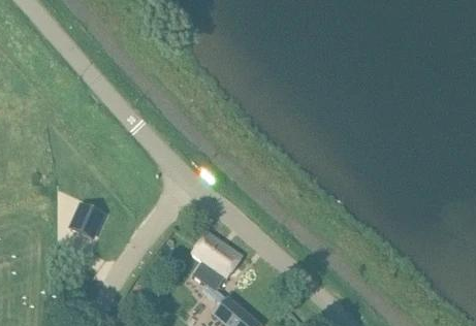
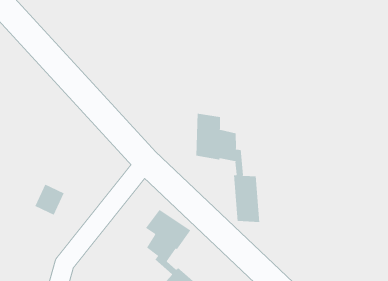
building: none -> [196,113,260,223]

